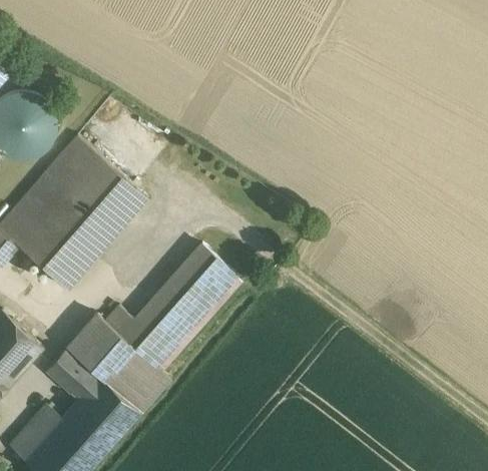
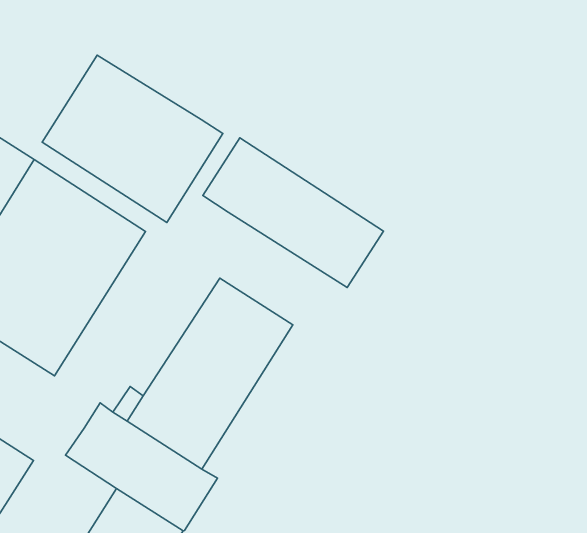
building: none -> [42,55,223,223]
building: none -> [203,138,383,287]
building: [45,348,98,401] -> none

